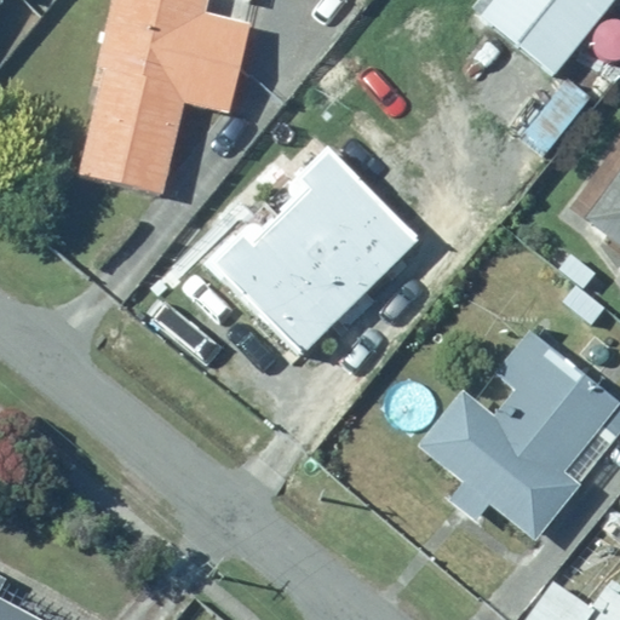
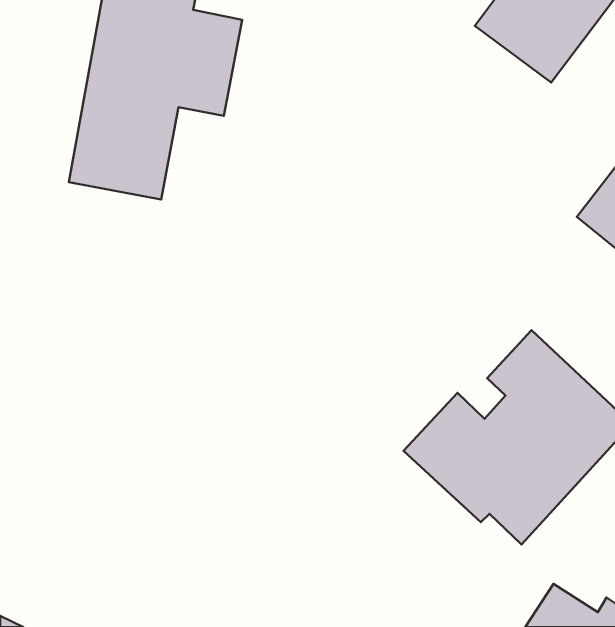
building: [203,140,420,358] -> none

